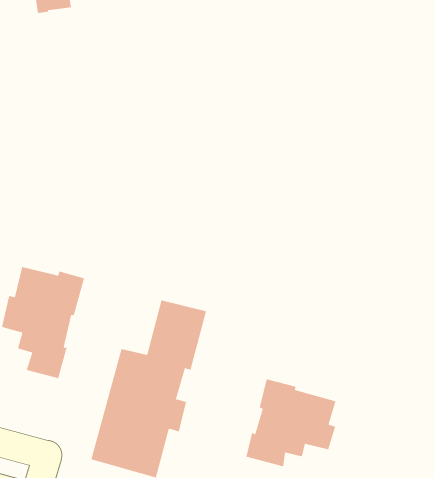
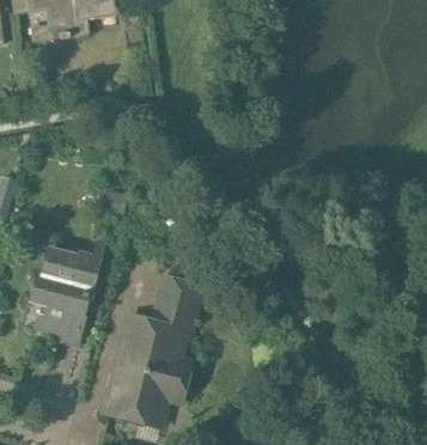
building: [246,379,336,467] -> none

